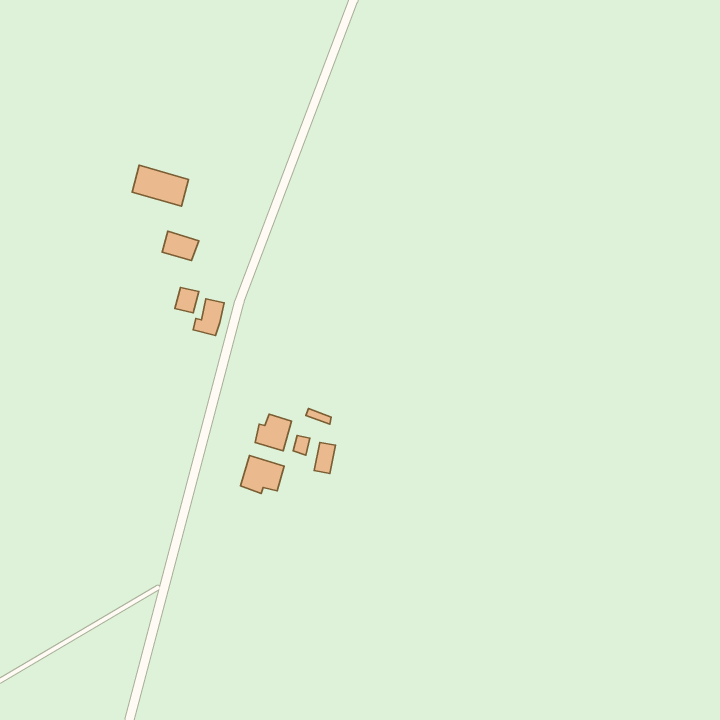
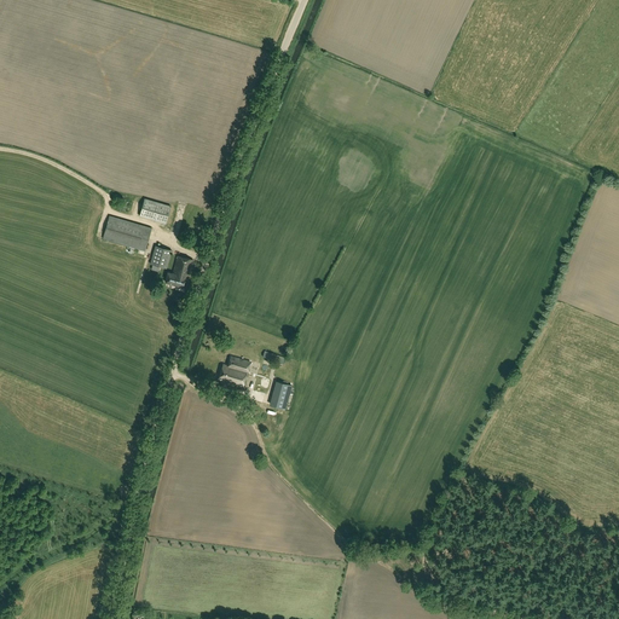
building: [132,165,189,206] -> [103,216,151,251]
building: [240,455,284,493] -> none

